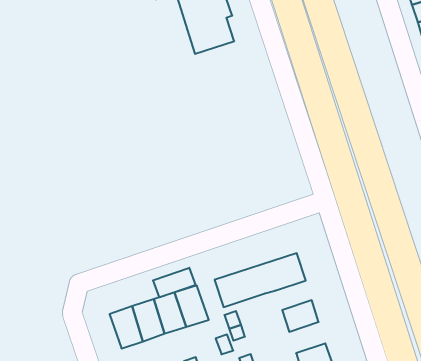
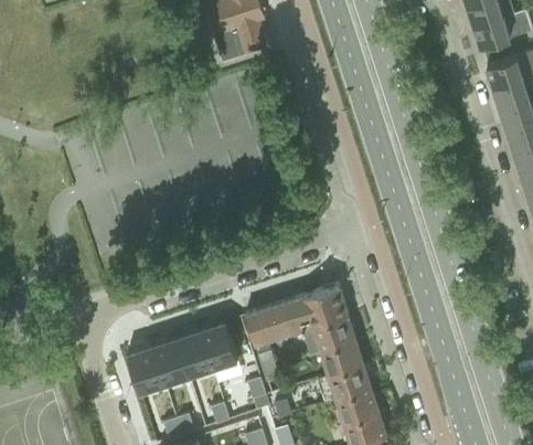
building: [153,268,196,297] -> none
building: none -> [301,318,354,356]
building: none -> [317,364,370,403]

